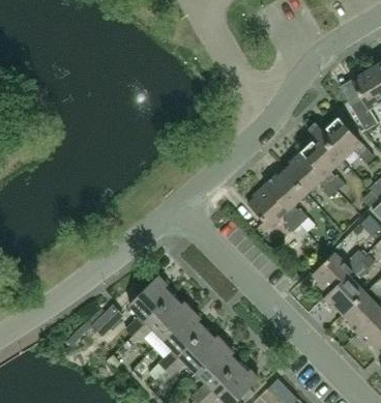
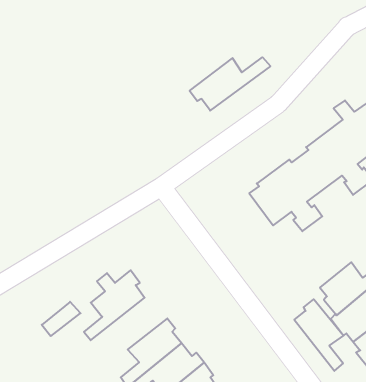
building: none -> [190,57,270,111]
building: none -> [294,299,343,371]
building: [134,296,193,342] -> none

